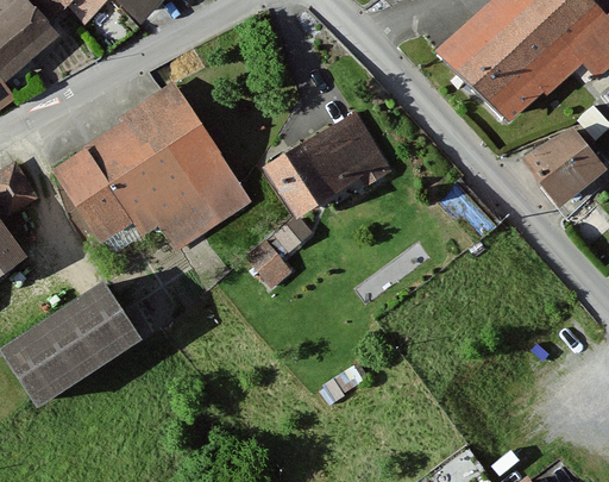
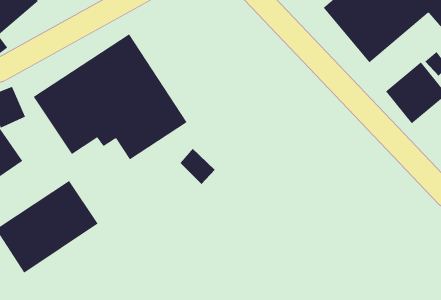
building: [262,106,391,221] -> none

